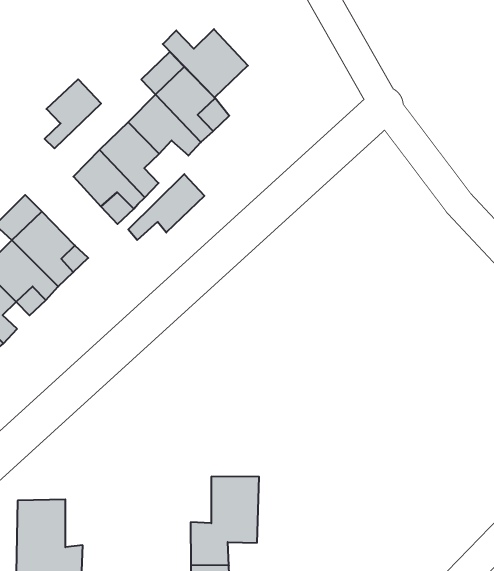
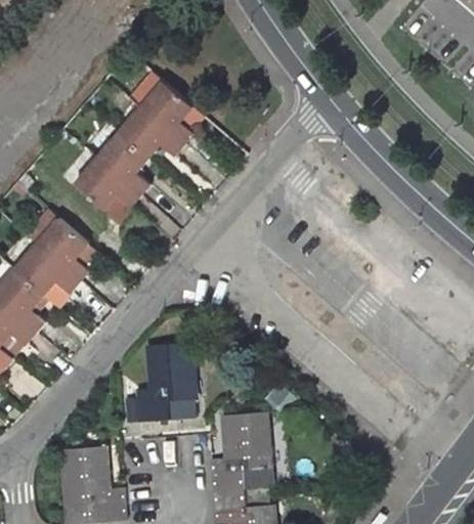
building: [163,29,248,98] -> none
building: [45,79,101,148] -> none
building: [128,174,204,240] -> none
building: none -> [131,350,188,428]

